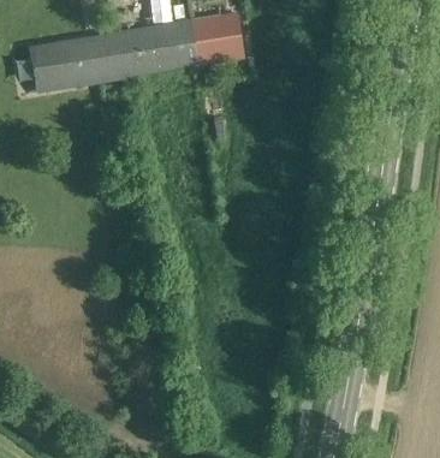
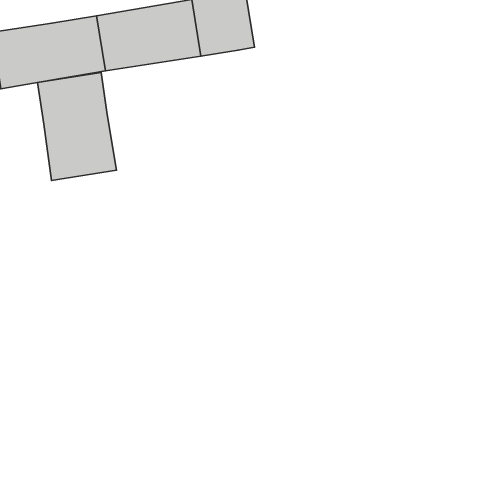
building: none -> [38,73,117,180]

